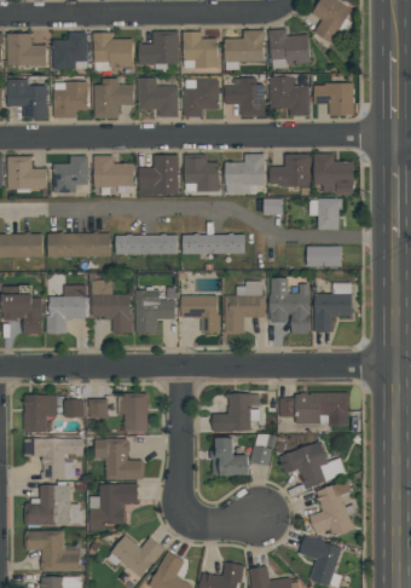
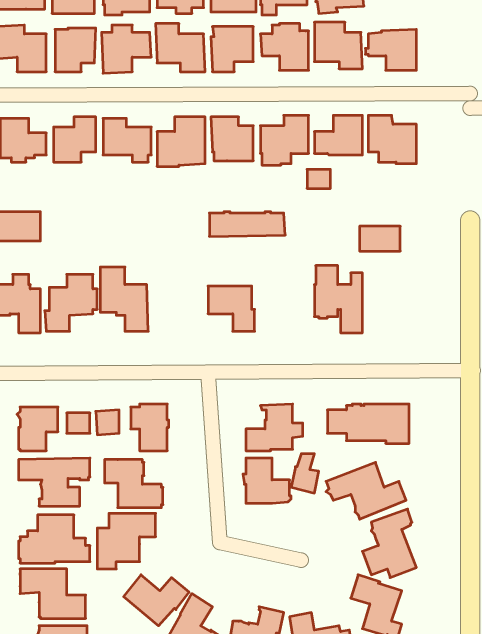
building: [309,198,343,230] -> none
building: [48,231,110,256] -> none
building: [116,234,178,254] -> none
building: [225,281,266,334] -> none
building: [314,283,352,333] -> none
building: [135,287,175,333] -> none

